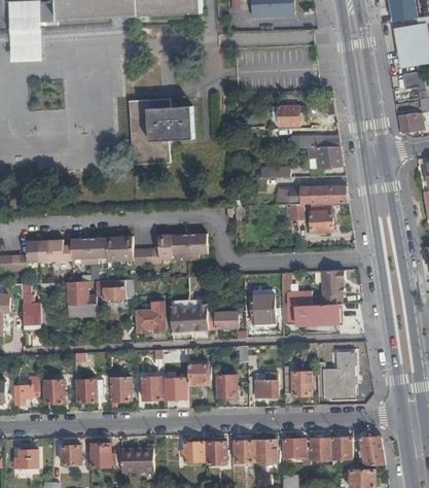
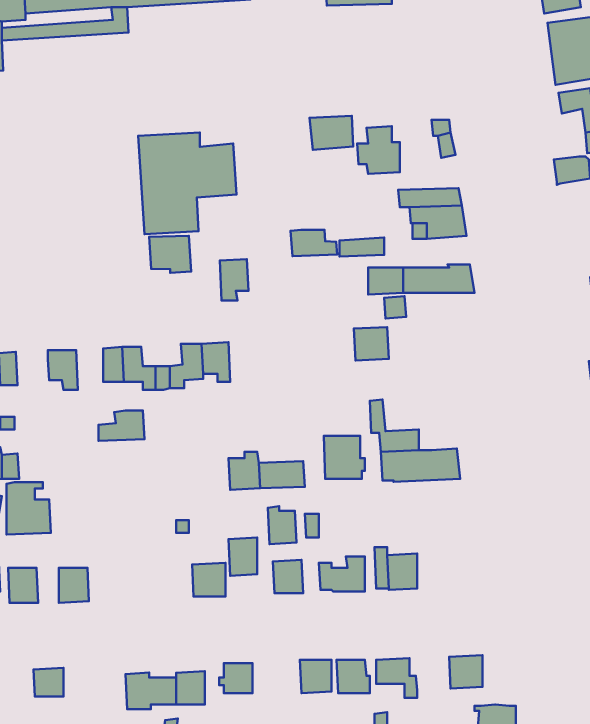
building: none -> [309,116,353,150]
building: none -> [290,230,337,256]
building: none -> [149,236,191,273]
building: [309,210,331,232] -> [354,327,389,360]
building: [187,234,206,260] -> [220,259,248,300]
building: [88,239,106,266] -> none
building: [49,241,71,263] -> none
building: [319,270,345,305] -> none
building: [67,281,96,315] -> [6,482,51,535]
building: [136,303,165,334] -> none
building: [170,307,188,332] -> [268,506,296,544]
building: [316,353,354,395] -> none
building: [141,378,160,400] -> none
building: [111,379,131,402] -> none
building: [358,437,384,465] -> none
building: [309,439,331,460] -> none
building: [207,442,225,463] -> [176,671,205,705]
building: [91,446,111,466] -> none

